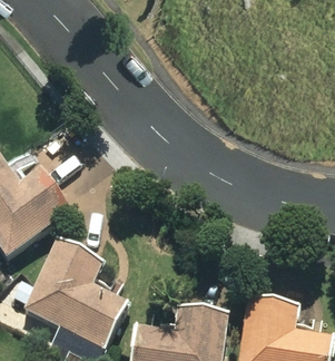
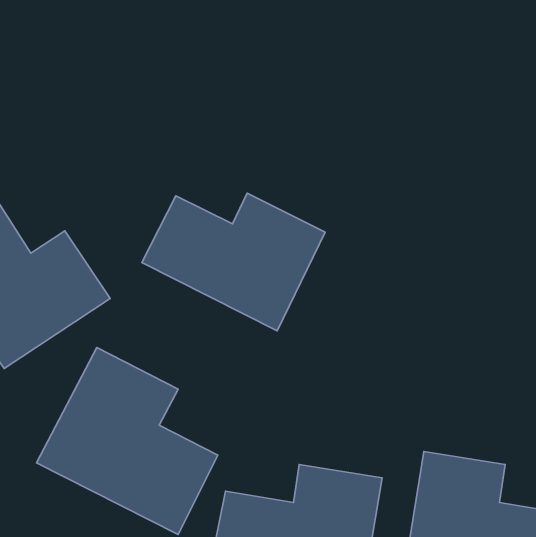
building: none -> [142,193,325,331]

